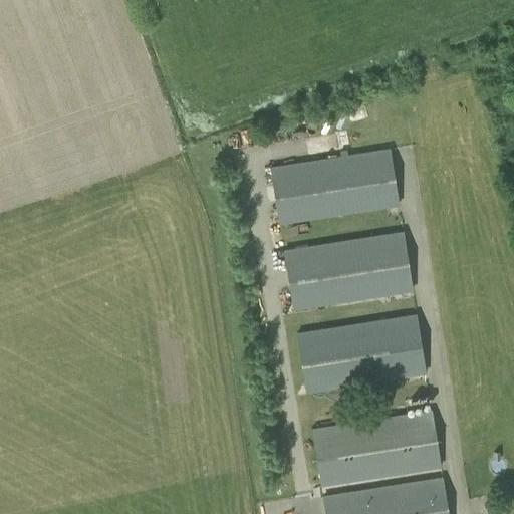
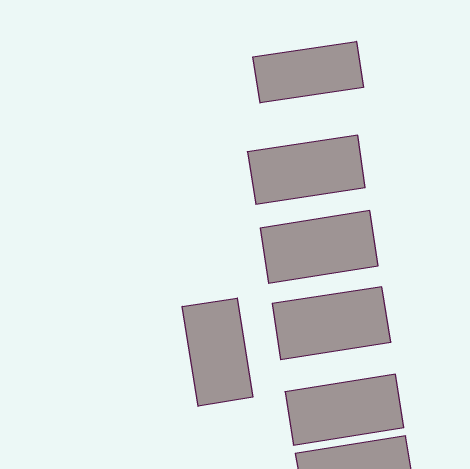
building: none -> [253,41,363,103]
building: none -> [182,298,253,406]

